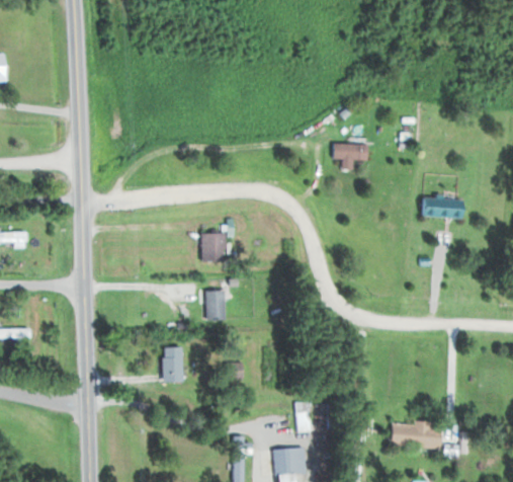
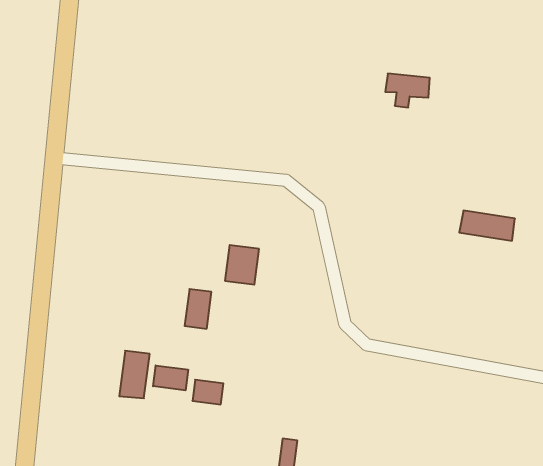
building: [332,143,367,169] -> [385,74,430,107]
building: [201,232,226,261] -> [225,245,259,285]
building: none -> [153,365,188,390]

